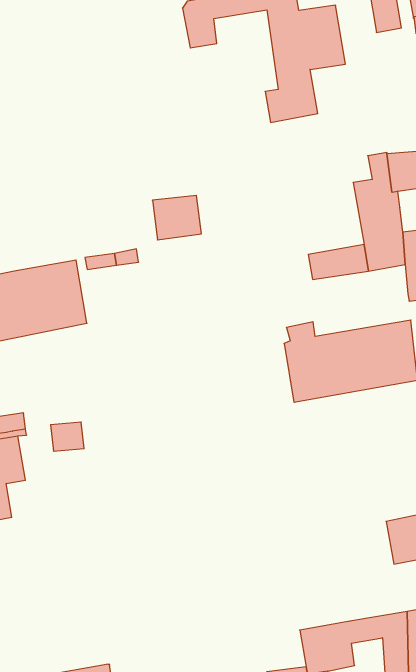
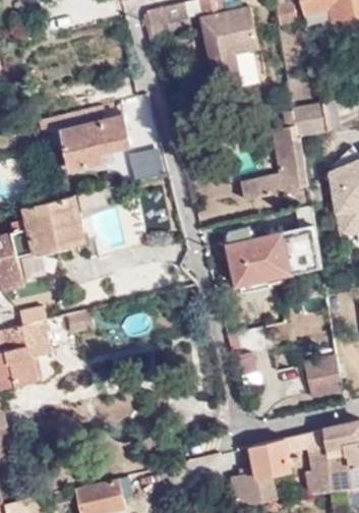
building: none -> [64,116,133,170]

